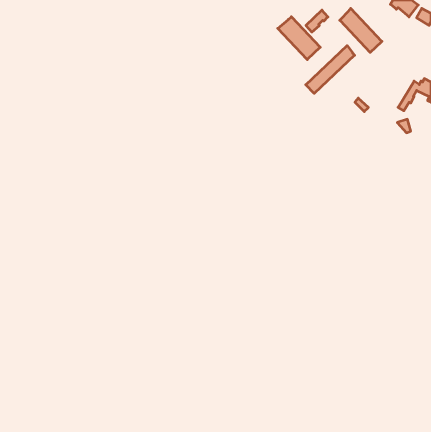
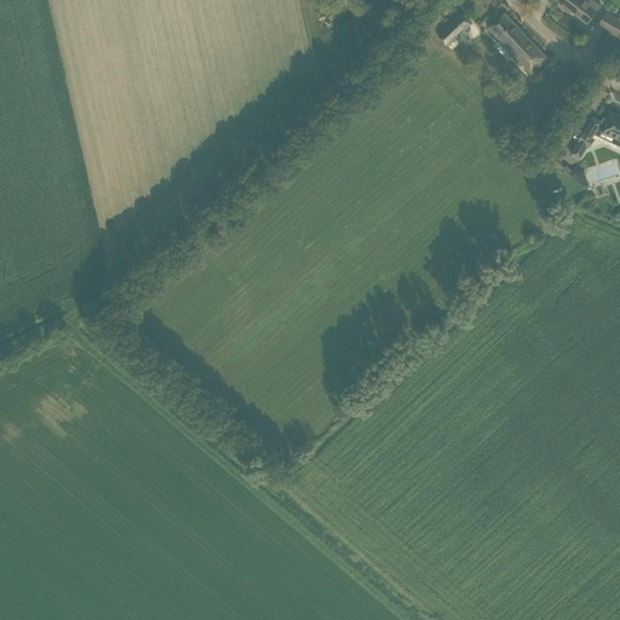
building: [278,17,320,60] -> none
building: [306,46,355,93] -> none

